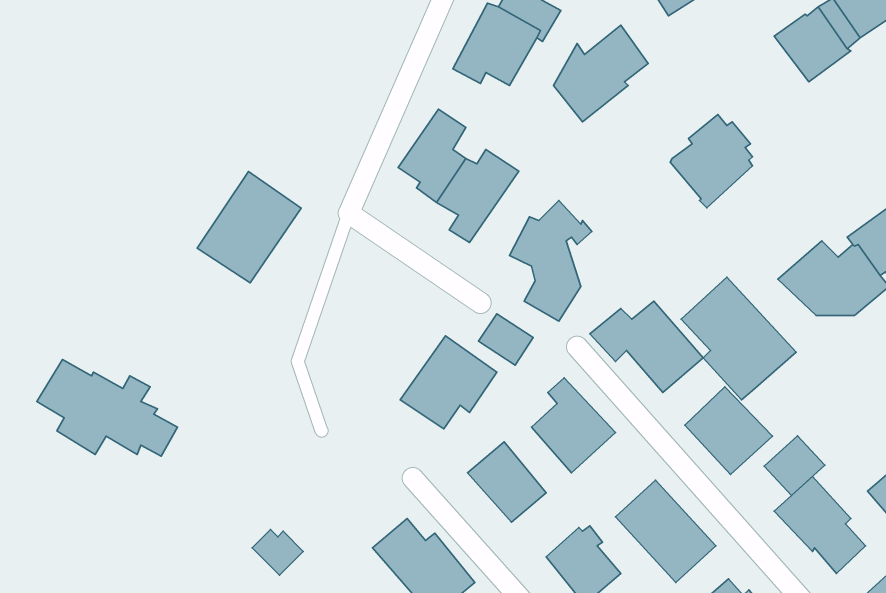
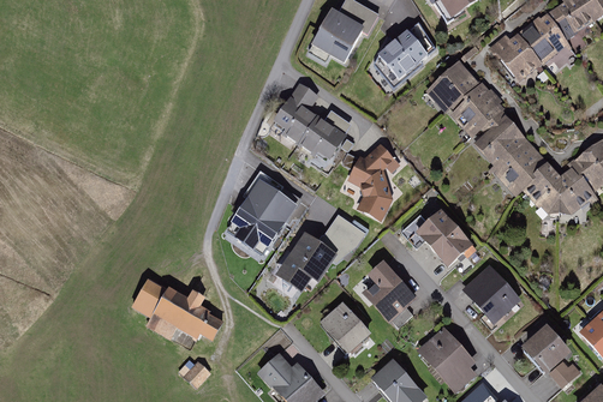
building: none -> [490,34,543,83]
building: none -> [426,61,483,115]
building: [197,172,301,283] -> [226,175,294,248]
building: [681,277,796,400] -> [476,119,551,199]
building: [37,359,177,456] -> [130,277,222,341]
building: [764,436,825,495] -> none

